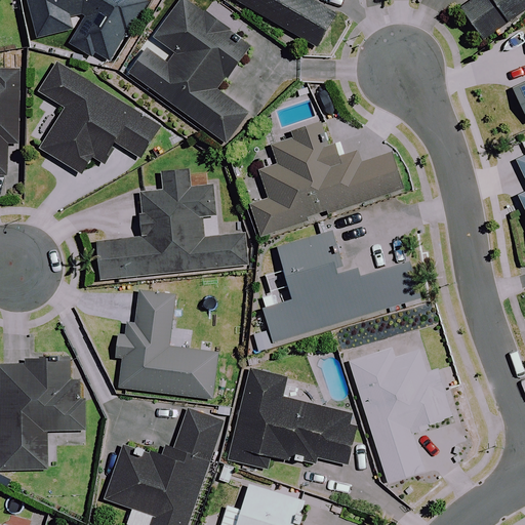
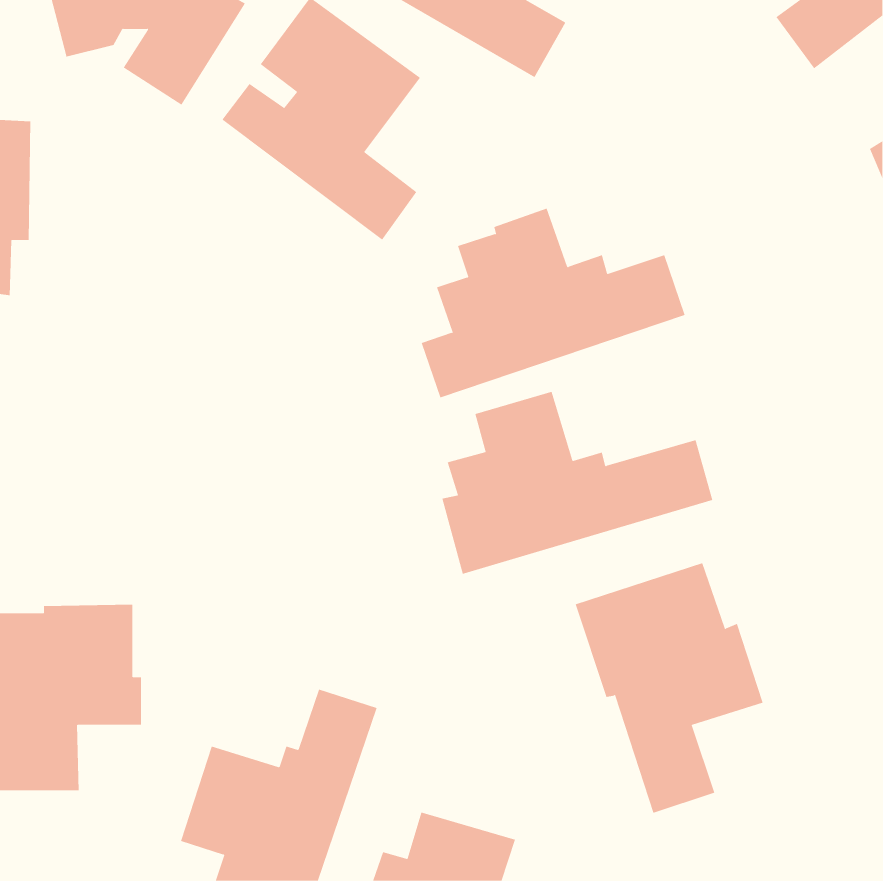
building: [40,65,159,173] -> none
building: [93,169,246,280] -> none
building: [121,291,218,398] -> none
building: [230,369,357,469] -> none

